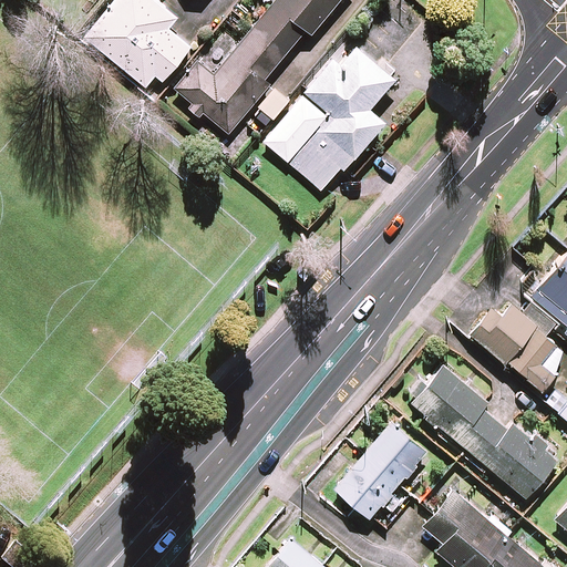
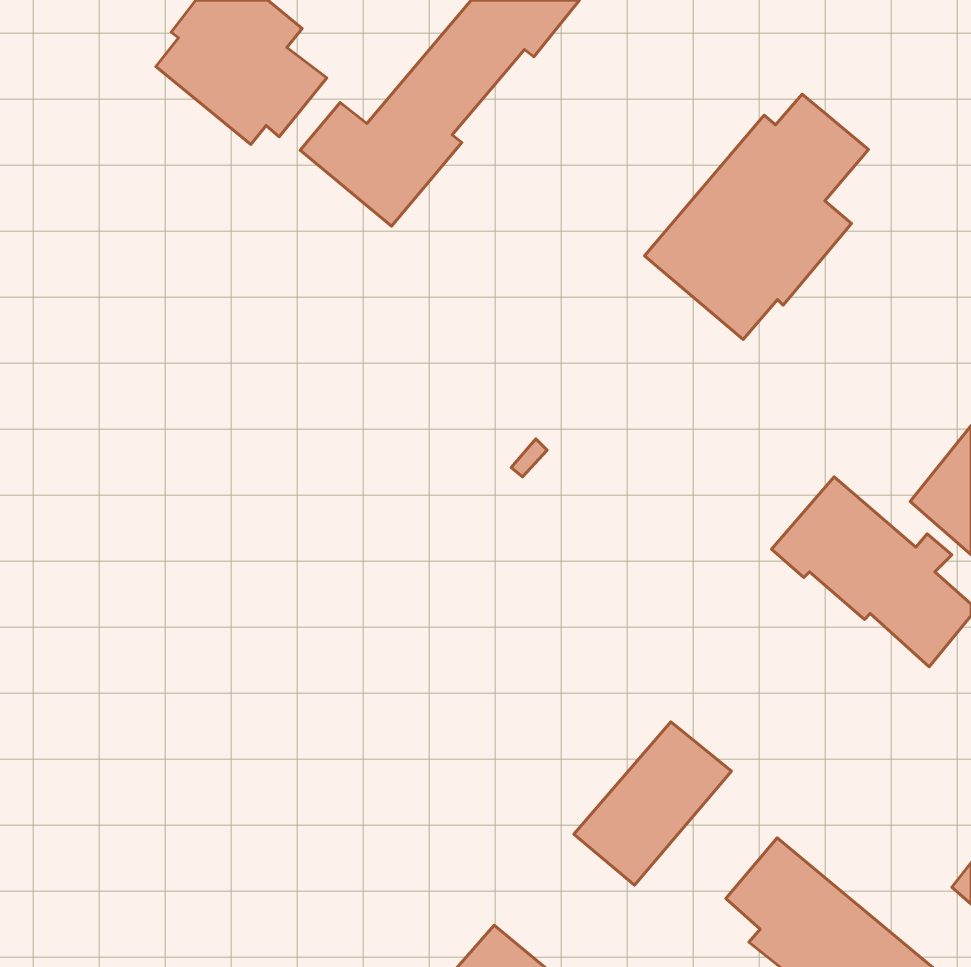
building: [264,48,394,190] -> [644,94,869,339]
building: [412,367,556,497] -> none

